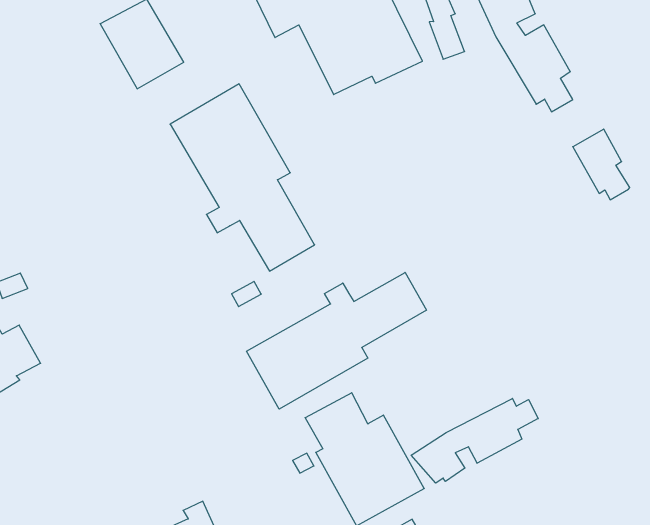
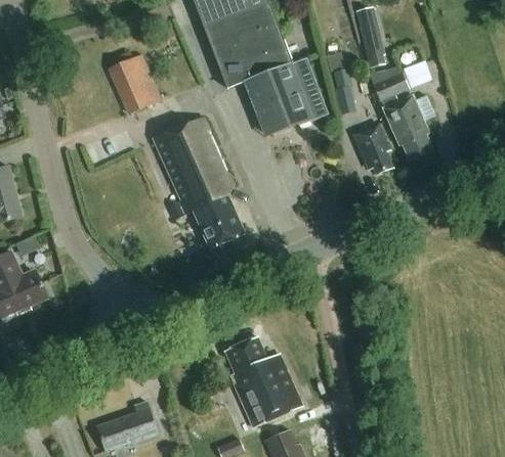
building: [573,129,630,200] -> [356,125,393,174]
building: [247,272,426,409] -> none
building: [411,398,538,483] -> none

